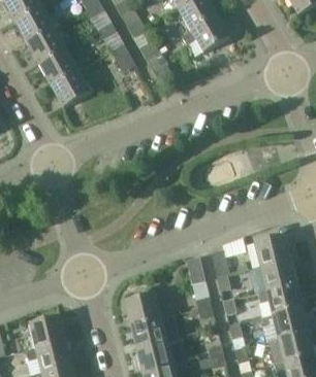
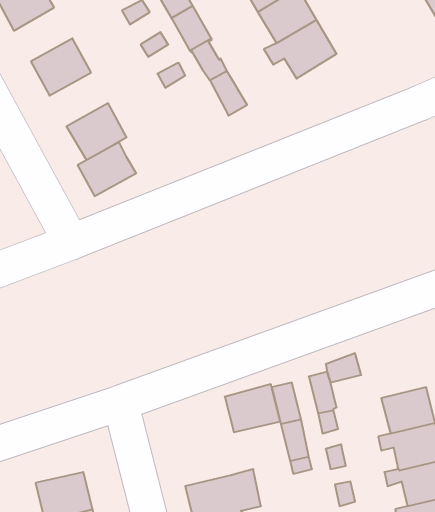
building: [14,6,54,42] -> none
building: [38,49,77,85] -> [78,142,136,196]
building: [254,235,290,267] -> none
building: [123,294,160,325] -> [225,384,280,432]

